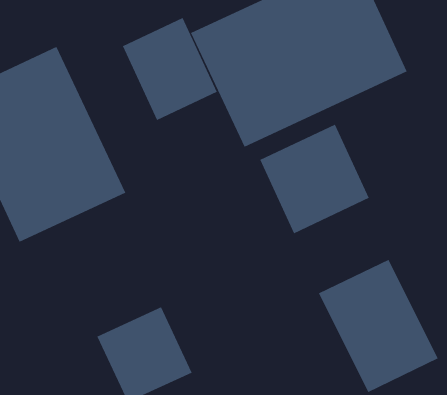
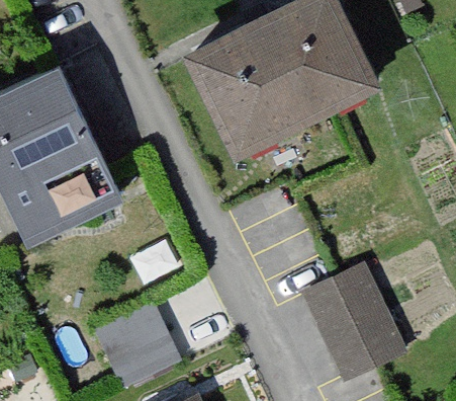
building: [122,17,217,121] -> none
building: [259,124,370,234] -> none

